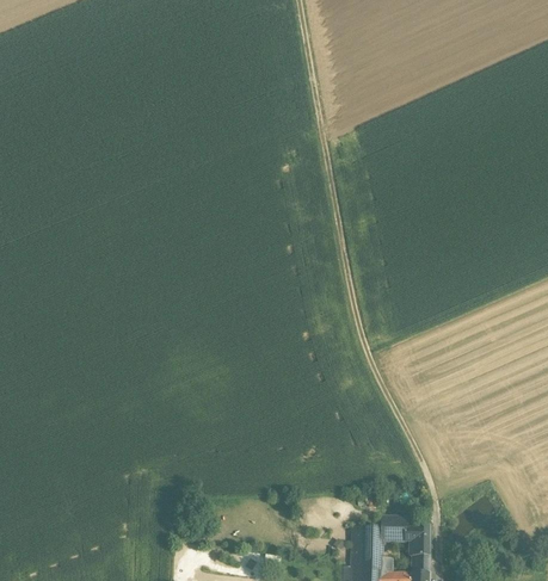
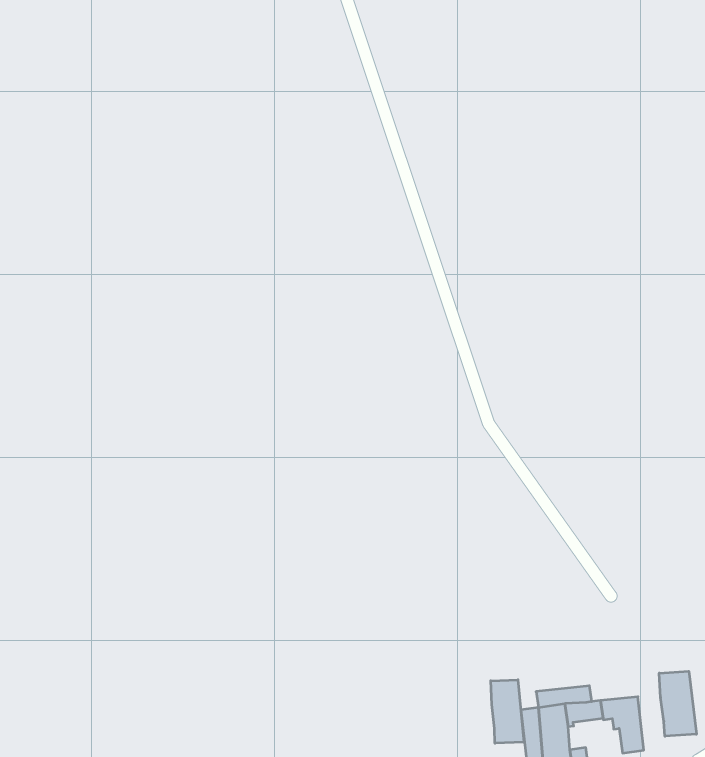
building: none -> [491,680,524,743]
building: none -> [659,671,696,736]

